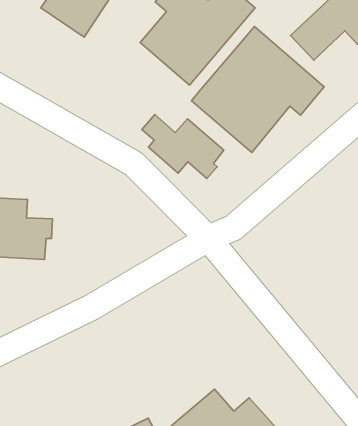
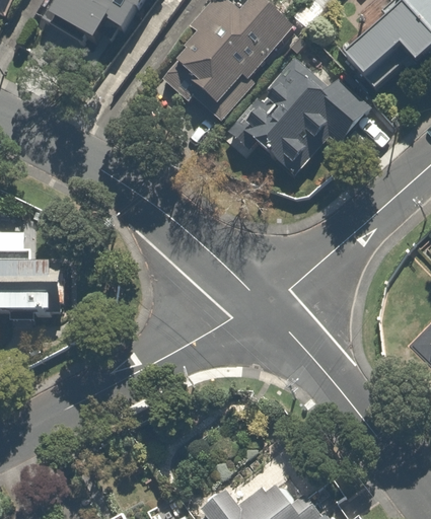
building: [142,115,224,179] -> none

